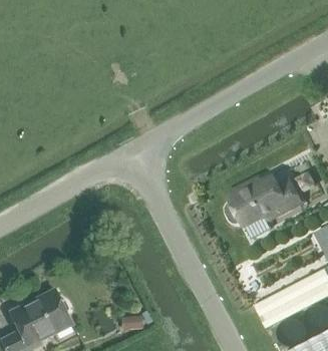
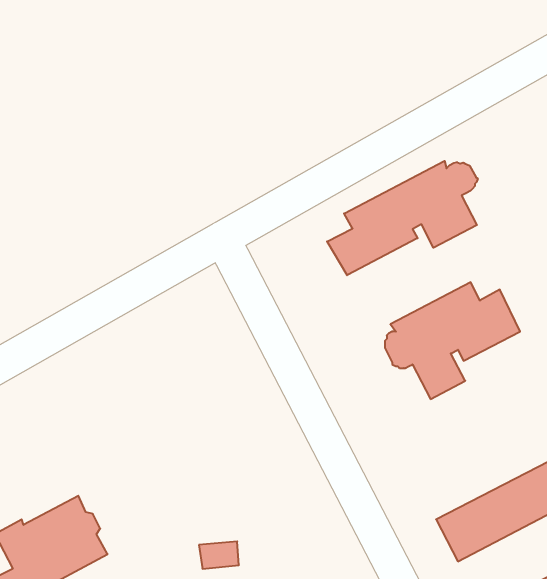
building: none -> [327,161,478,275]

